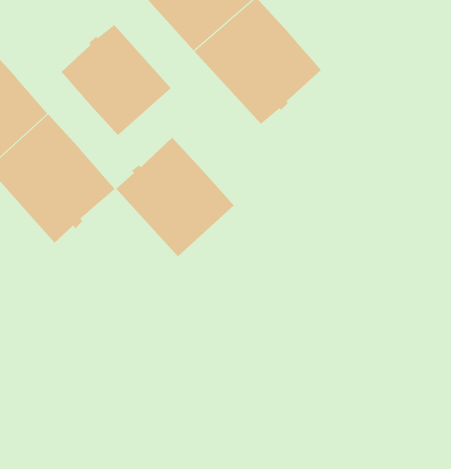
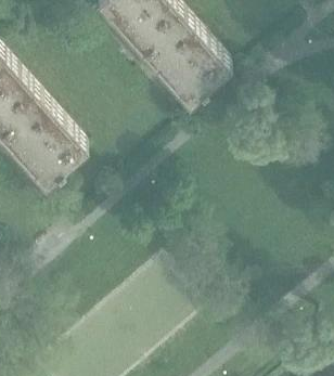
building: [61,24,171,136] -> none
building: [115,137,235,257] -> none

